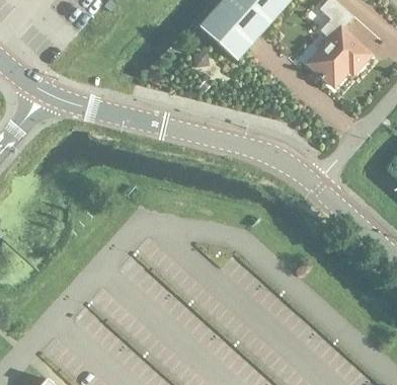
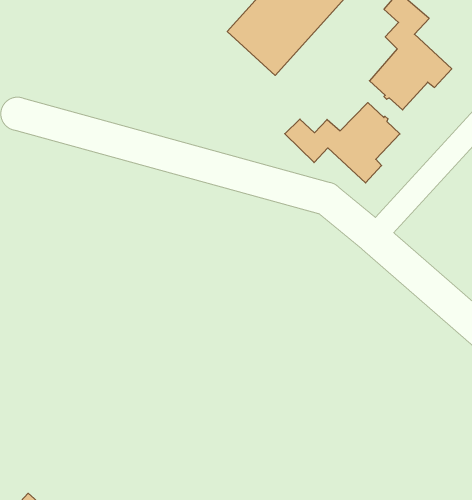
building: none -> [285,103,400,183]

